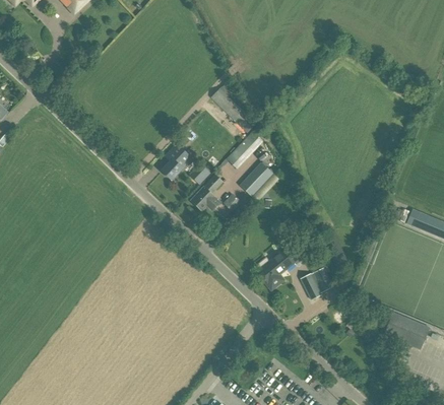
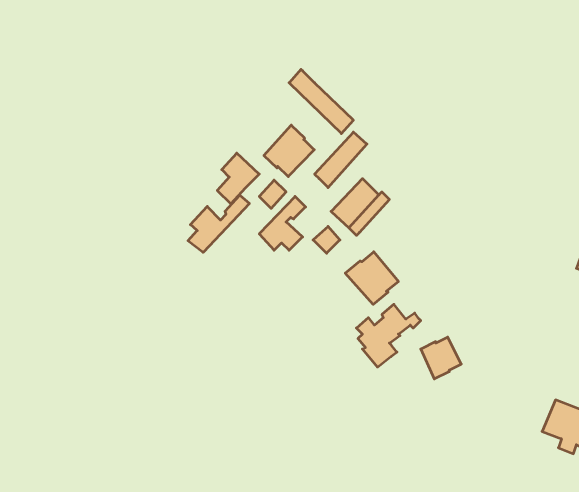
building: none -> [264,125,314,177]
building: none -> [188,195,249,252]
building: none -> [345,252,398,304]

